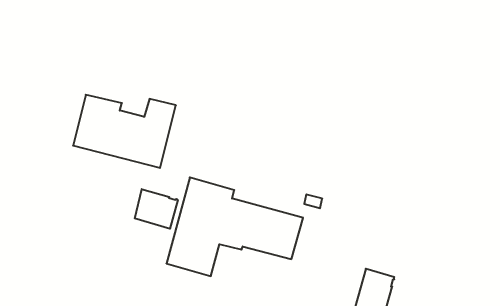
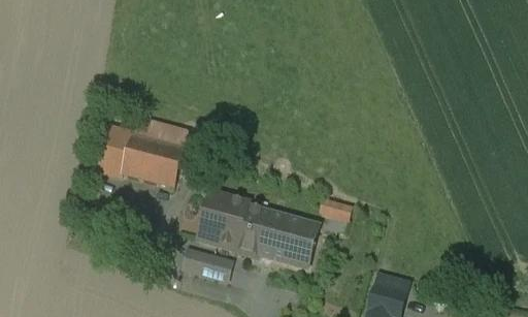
building: [135,189,178,229] -> none

